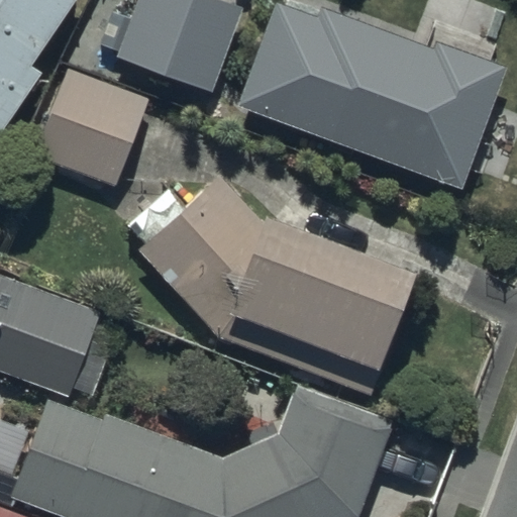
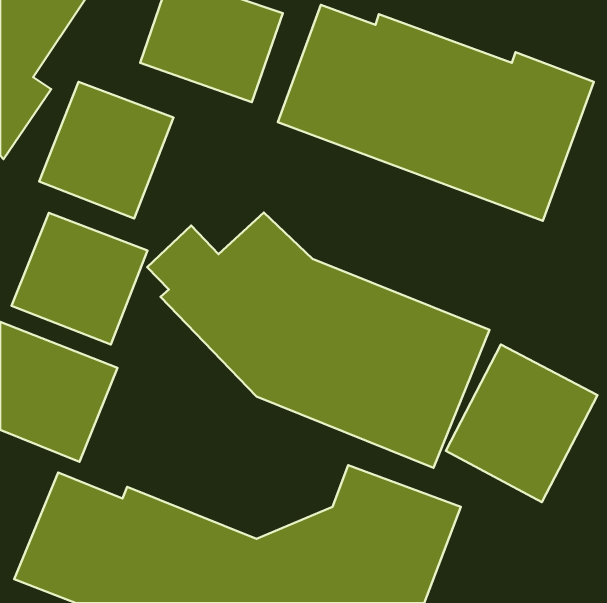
building: none -> [12,213,147,344]
building: none -> [446,345,598,502]

